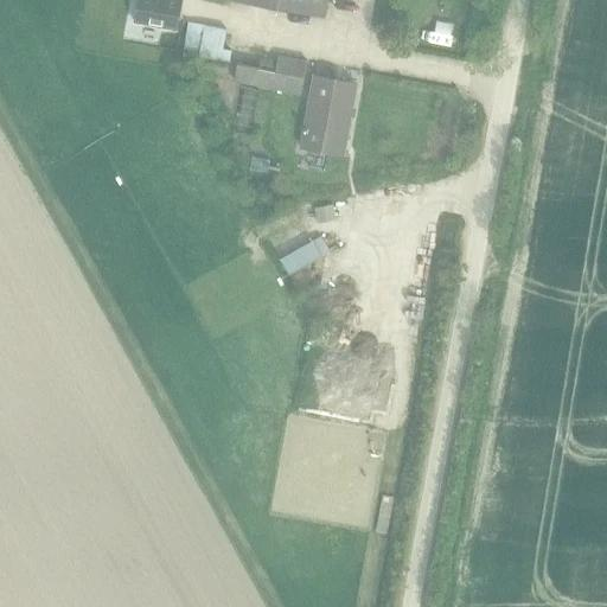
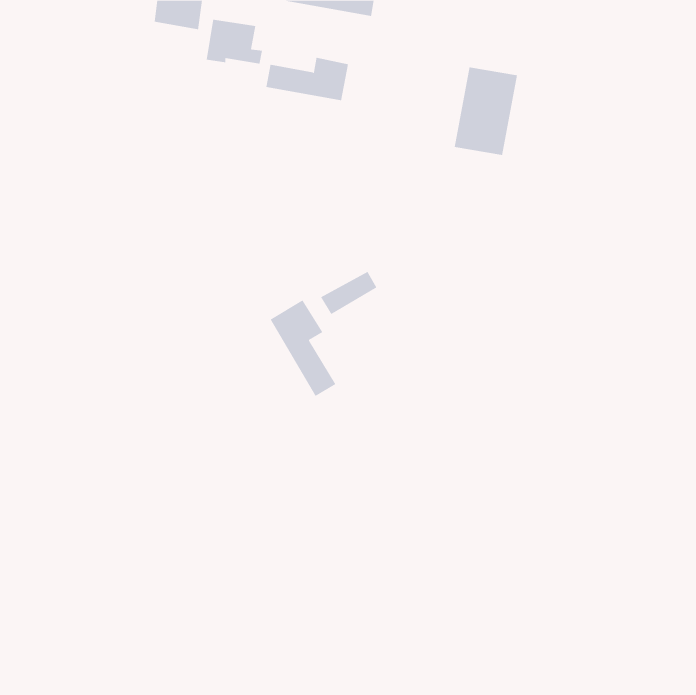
building: [300,77,356,154] -> [454,67,518,155]
building: none -> [270,300,336,397]

